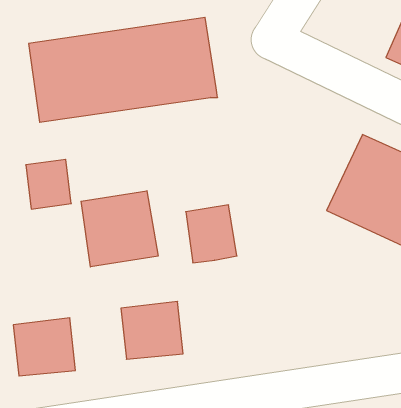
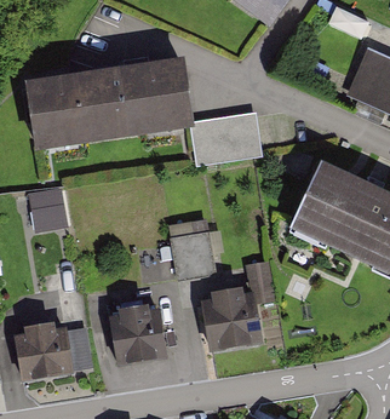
building: none -> [193,111,260,161]
building: [81,191,158,267] -> none
building: none -> [201,288,263,352]

